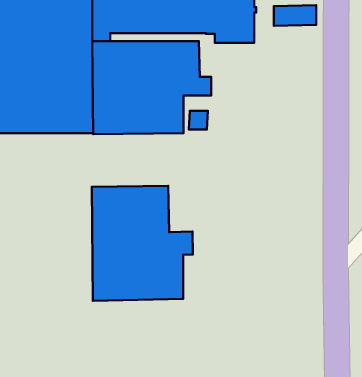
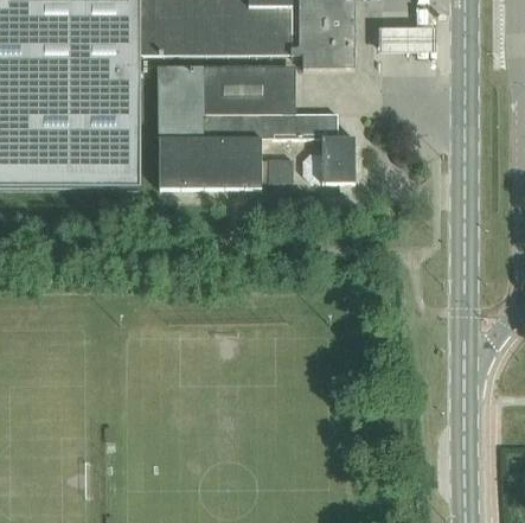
building: none -> [296,113,359,181]
building: [92,186,193,301] -> none

